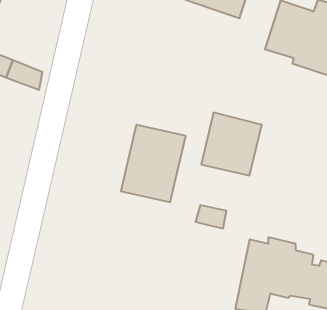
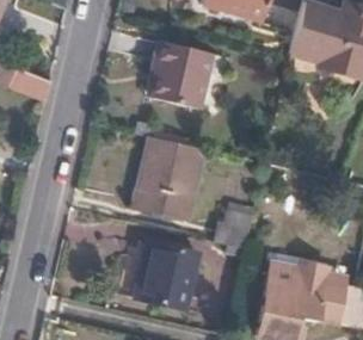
building: [201,113,262,175] -> [148,41,214,109]
building: none -> [136,242,197,311]

